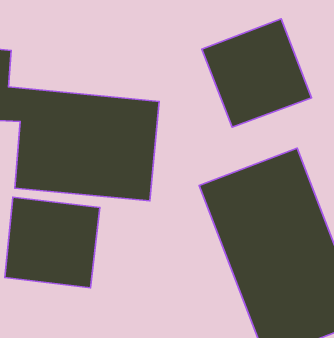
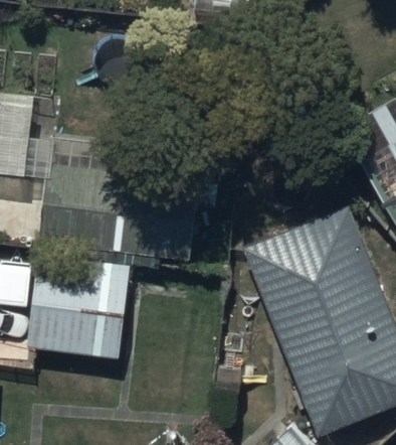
building: [202,19,311,127] -> none

